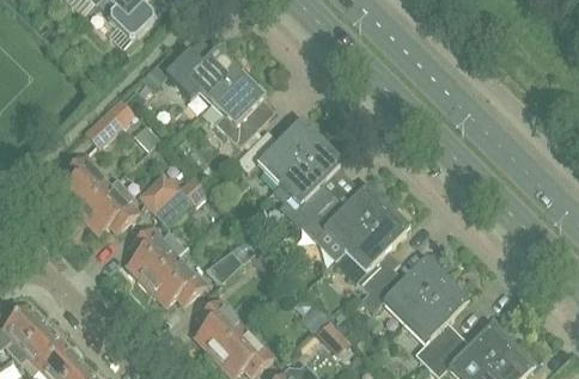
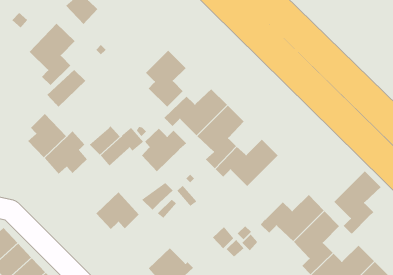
building: none -> [29,23,75,86]
building: [166,48,242,103] -> none
building: [345,210,407,293] -> [334,171,381,234]
building: [127,228,187,286] -> [141,128,187,172]
building: [195,300,244,357] -> none

